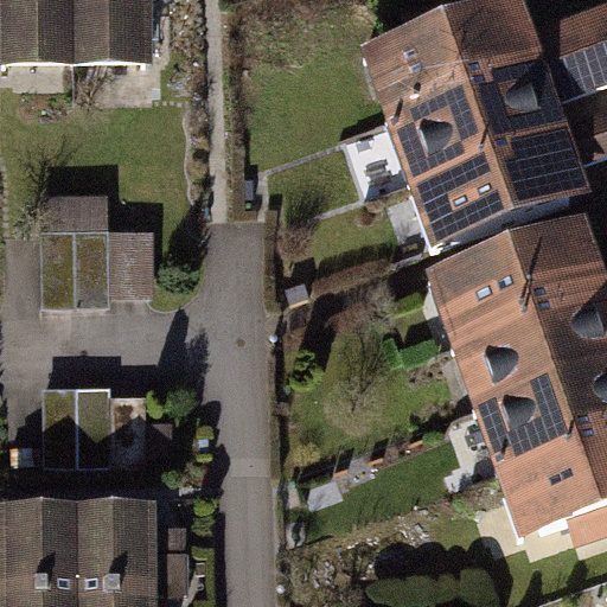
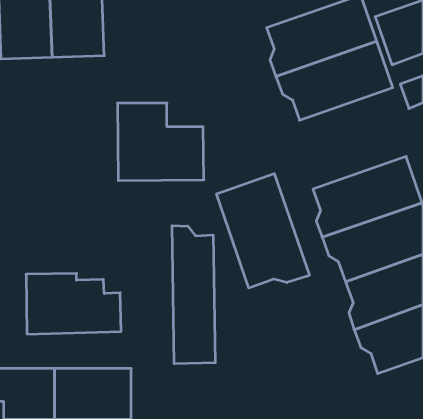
building: [414,123,577,235] -> none
building: [33,196,155,305] -> [117,103,204,181]
building: none -> [217,174,309,288]
building: none -> [172,226,215,364]

